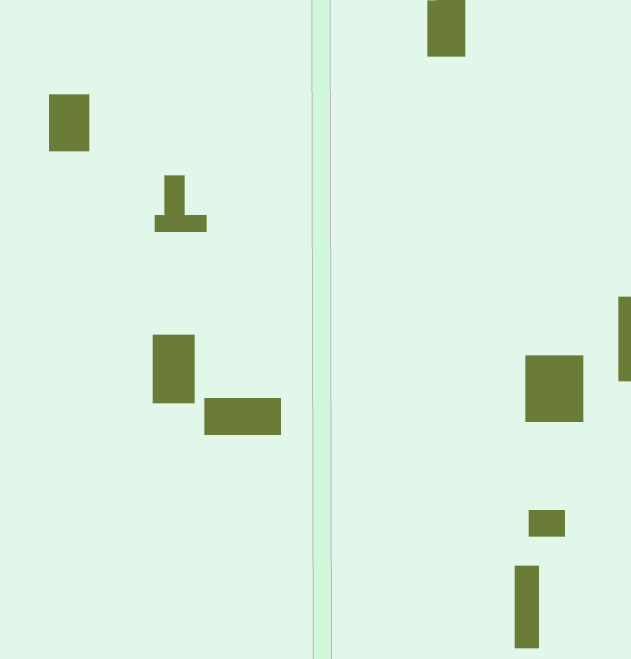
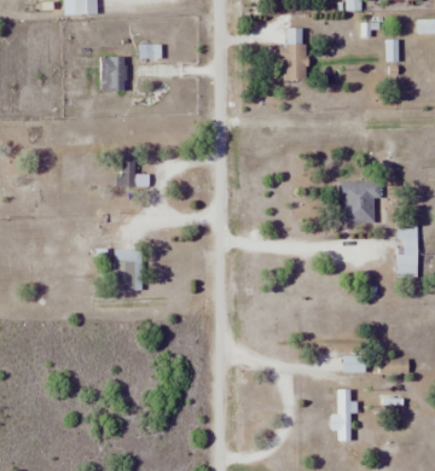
building: [48,94,90,152] -> [102,57,127,92]
building: [524,355,584,422] -> [341,181,377,222]
building: [204,397,282,436] -> none

